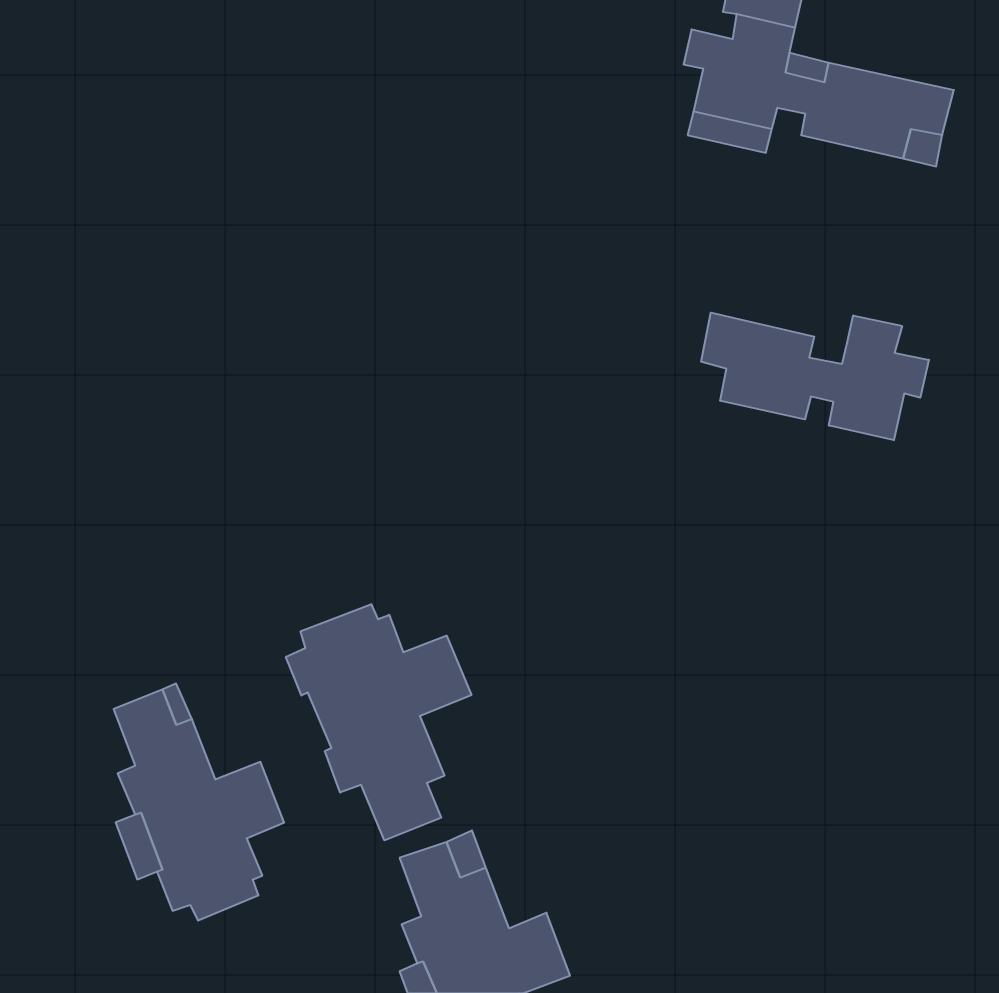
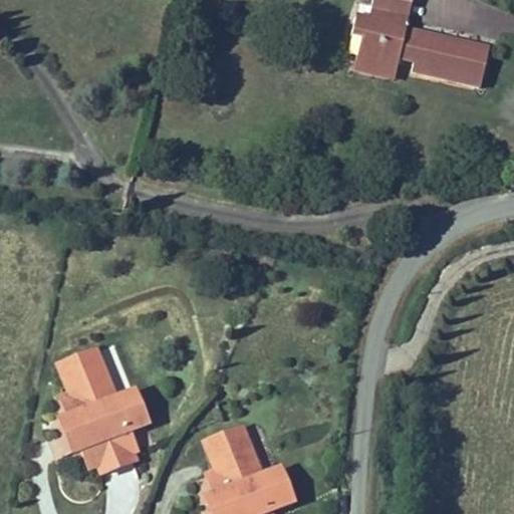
building: [701,313,929,440] -> none
building: [286,604,471,840] -> none

